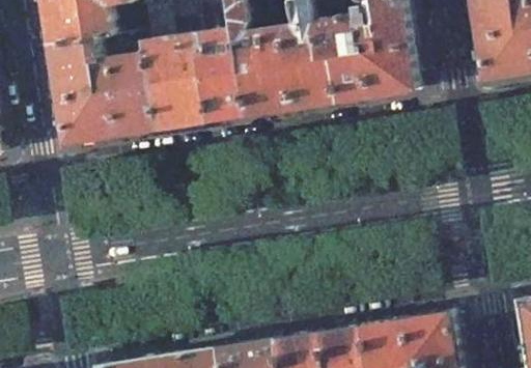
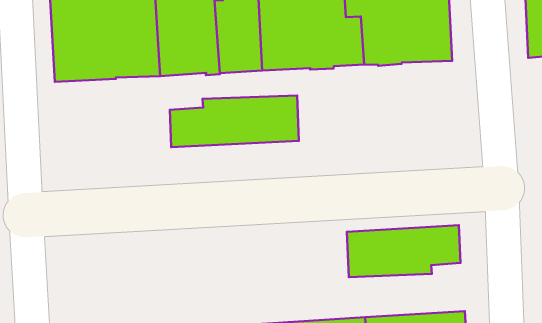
building: none -> [170,96,299,147]
building: none -> [347,225,460,277]

